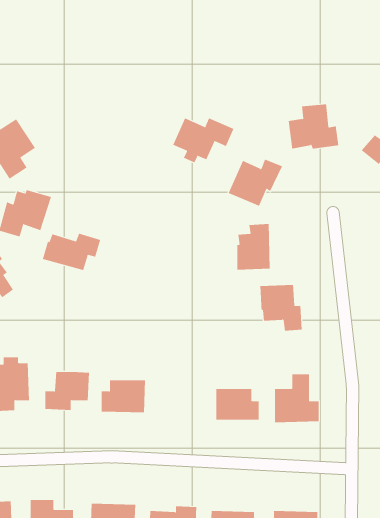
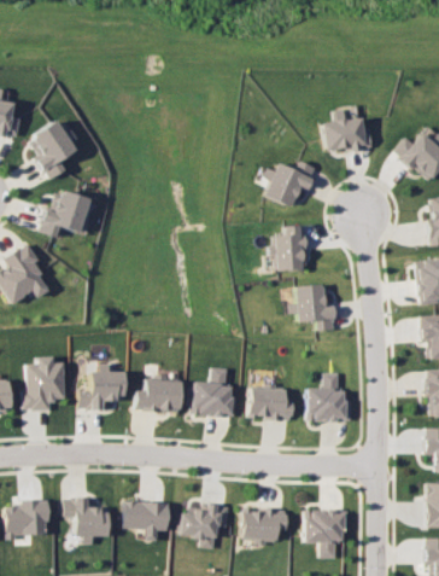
building: [172,117,234,163] -> none
building: [42,233,101,271] -> none
building: none -> [191,367,235,417]

